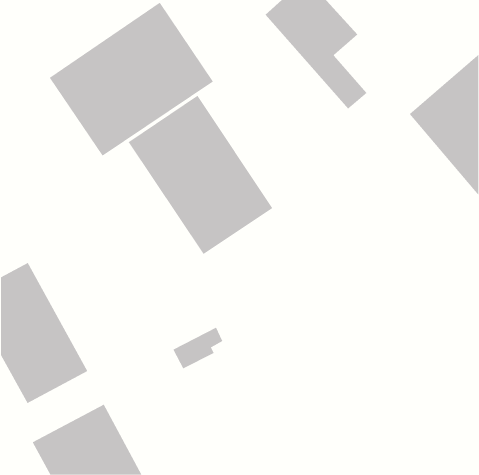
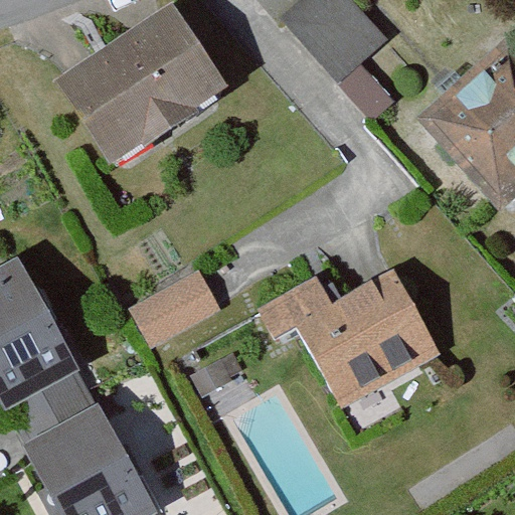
building: [128,95,273,255] -> none
building: none -> [130,271,218,343]
building: none -> [264,274,440,407]

